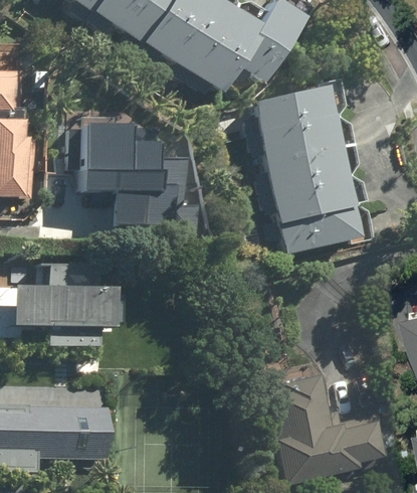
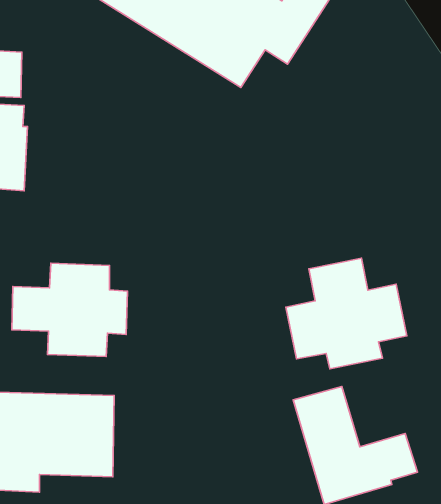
building: [221,85,361,250] -> none
building: [61,132,176,227] -> none
building: none -> [286,258,407,369]

